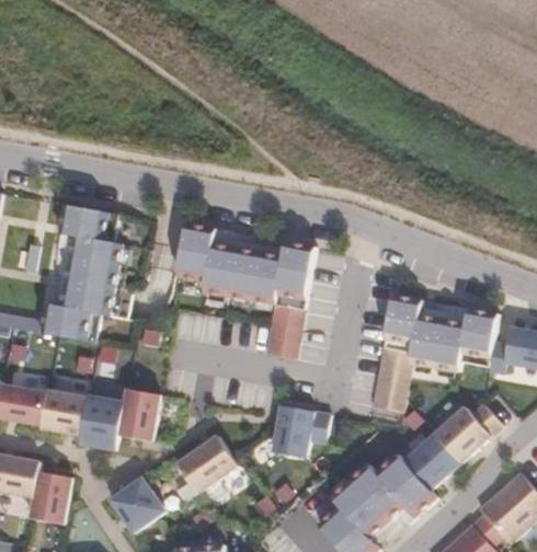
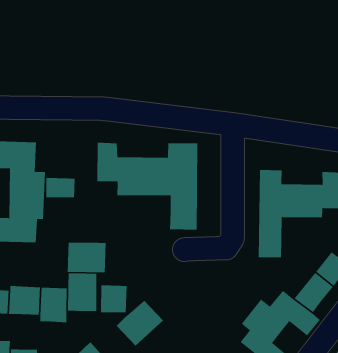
building: none -> [45,177,76,198]
building: none -> [67,242,106,273]
building: [272,403,331,451] -> none
building: none -> [100,284,127,313]

